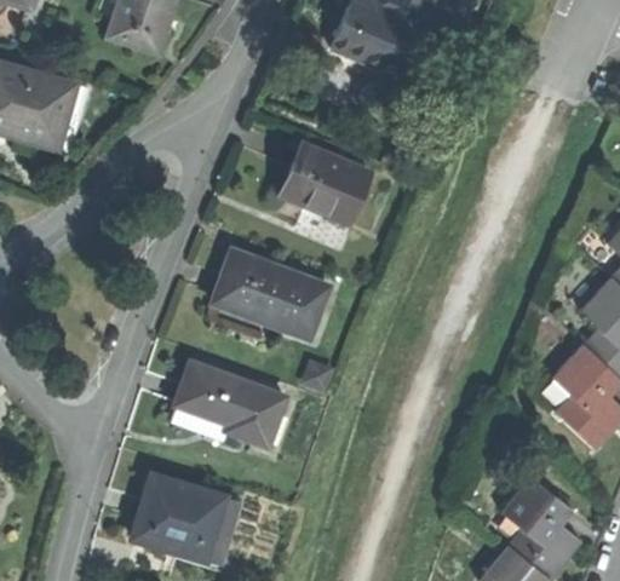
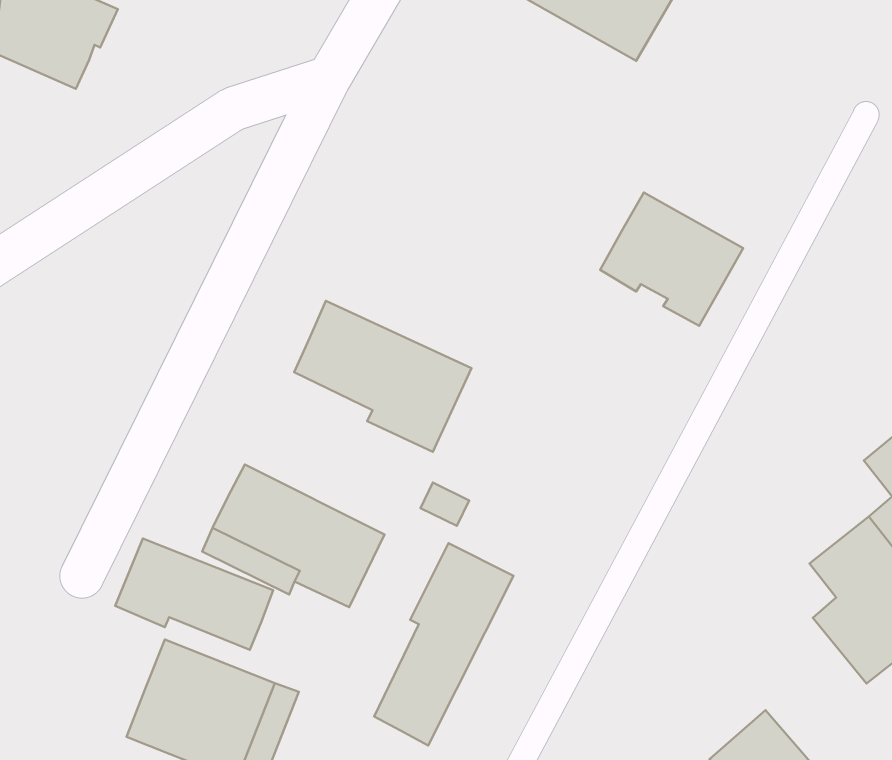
building: [277,145,366,225] -> [600,192,743,326]
building: none -> [374,543,514,745]
building: none -> [115,539,273,650]

